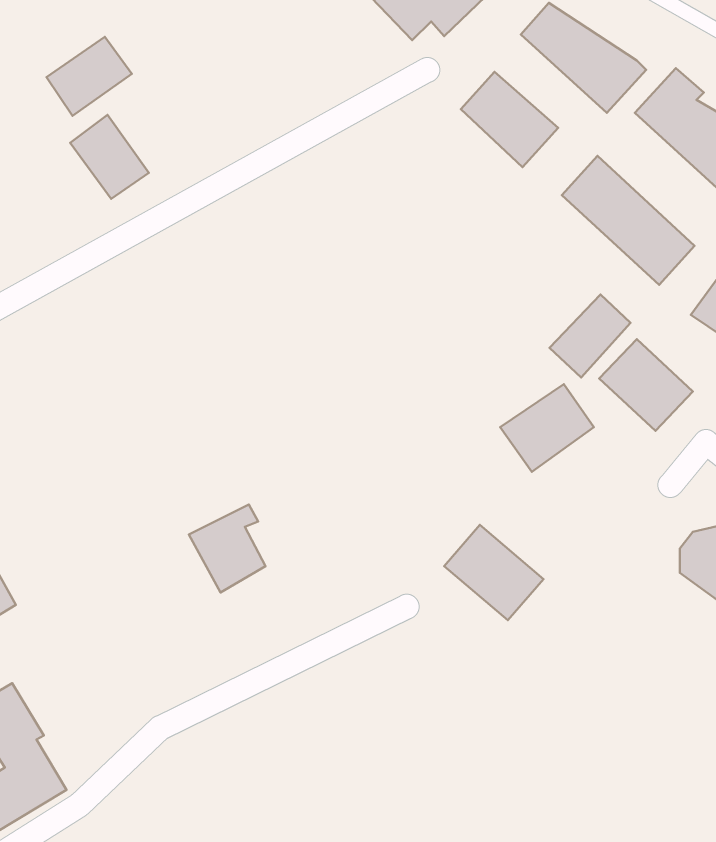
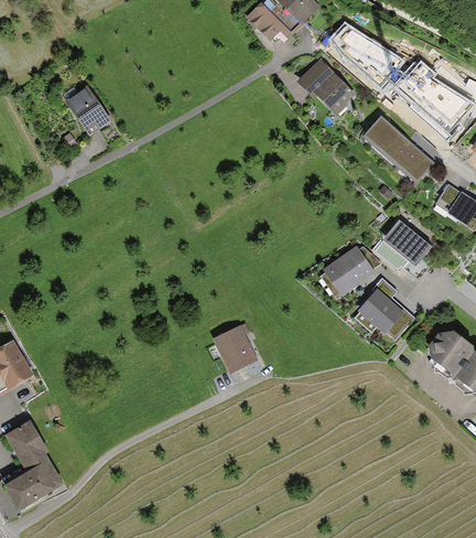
building: [46,37,132,116] -> none
building: [549,294,631,378] -> none
building: [189,505,266,592] -> [210,322,256,374]
building: [444,525,543,620] -> [351,289,410,345]

